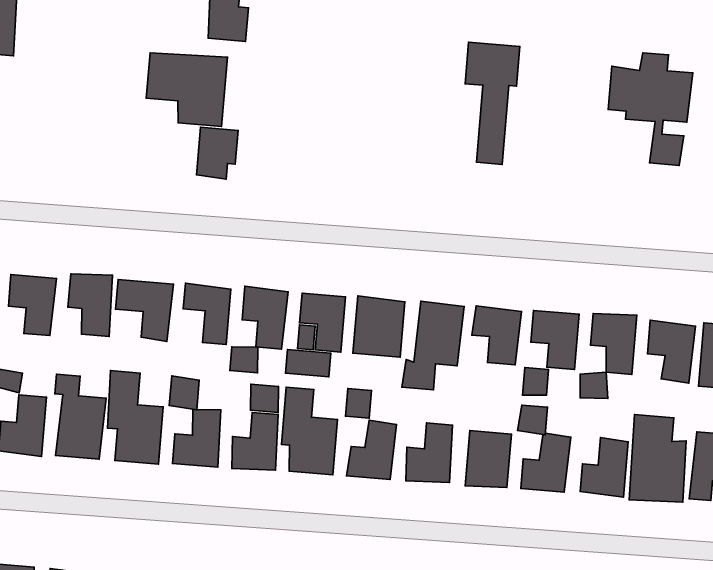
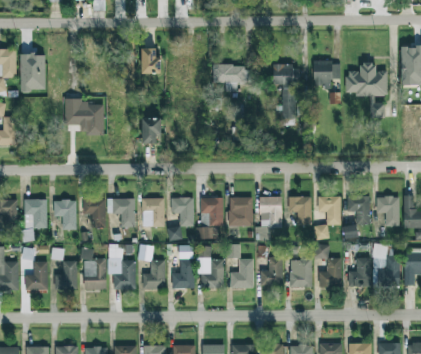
building: none -> [213,65,251,91]
building: none -> [313,61,340,86]
building: [146,53,227,126] -> [64,100,103,135]

